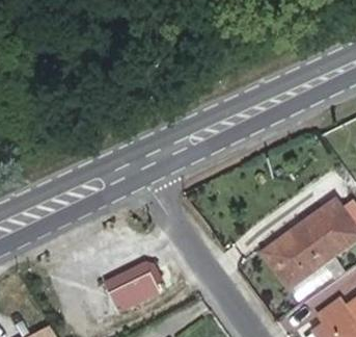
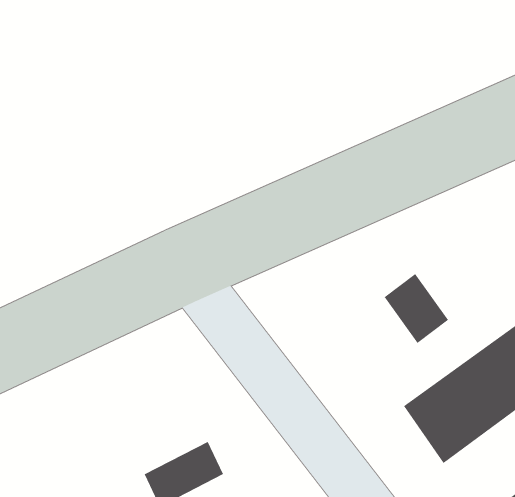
building: none -> [384,273,449,344]

